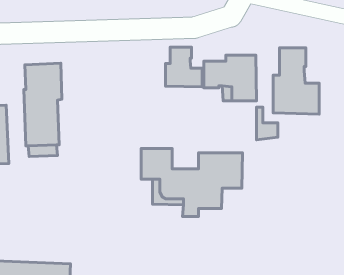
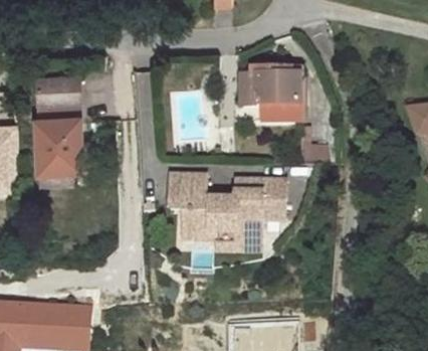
building: [165,47,202,87] -> none
building: [273,48,319,114] -> none

